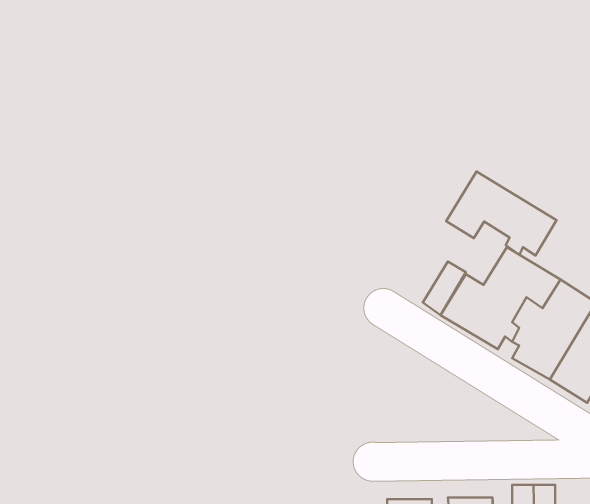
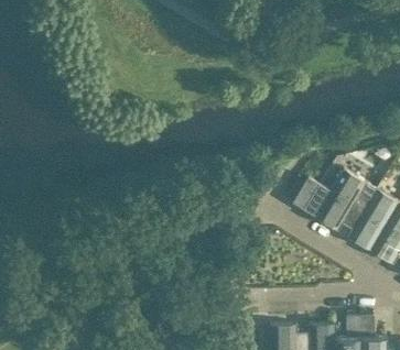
building: [446,172,556,255] -> none

